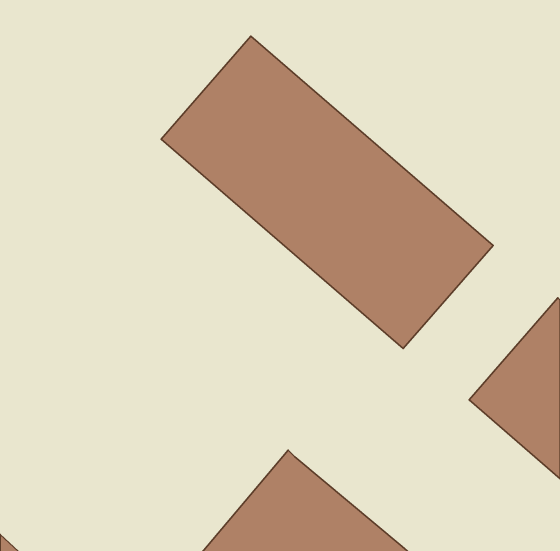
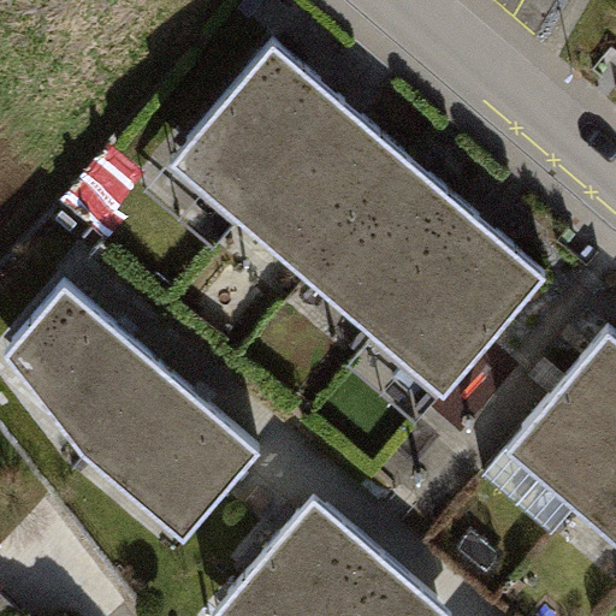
building: none -> [7,289,255,538]

